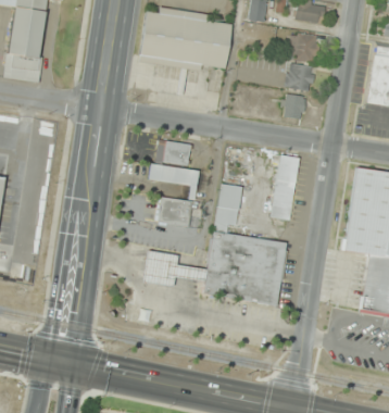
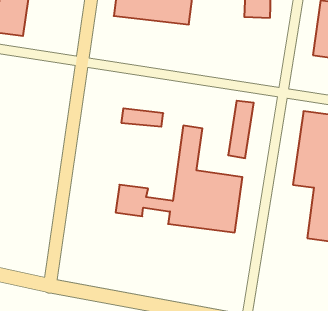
building: [286,63,315,91] -> none
building: [284,93,306,120] -> none
building: [159,142,189,163] -> none
building: [158,198,191,226] -> none

